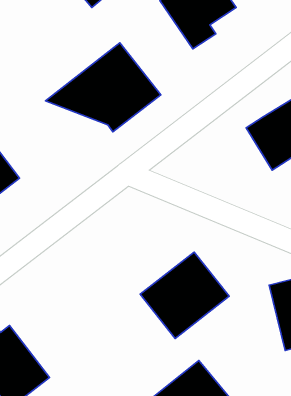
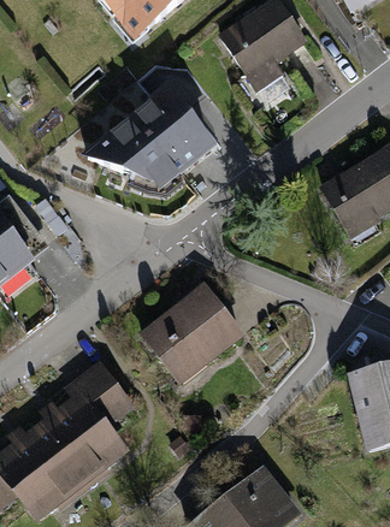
building: [140,252,229,338] -> [138,280,246,384]
building: none -> [36,359,136,485]

